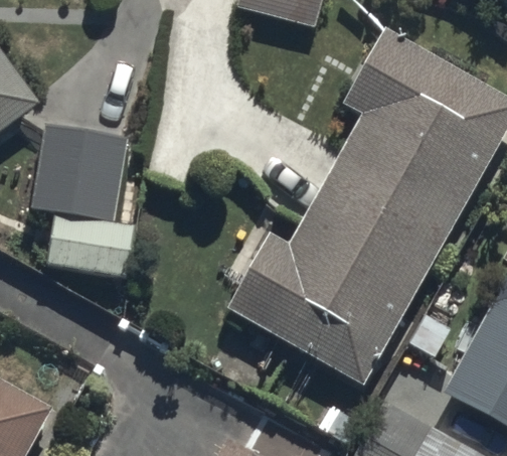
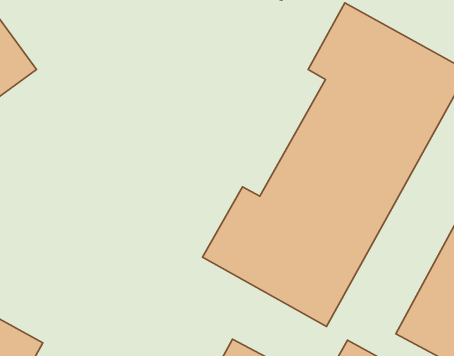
building: [28,121,131,232] -> none

